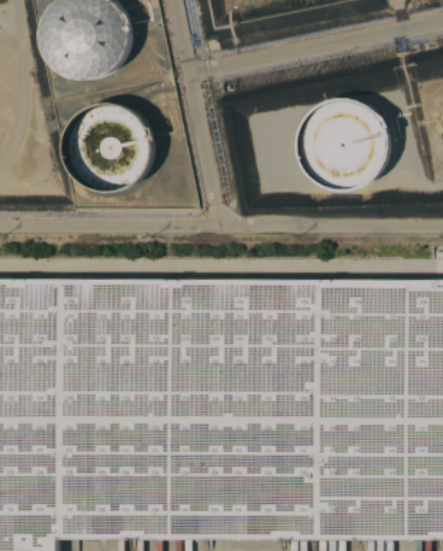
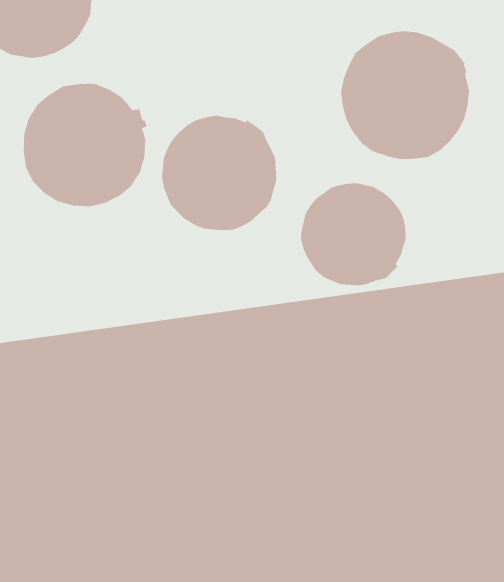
building: none -> [162,115,277,231]
building: none -> [301,183,406,286]

